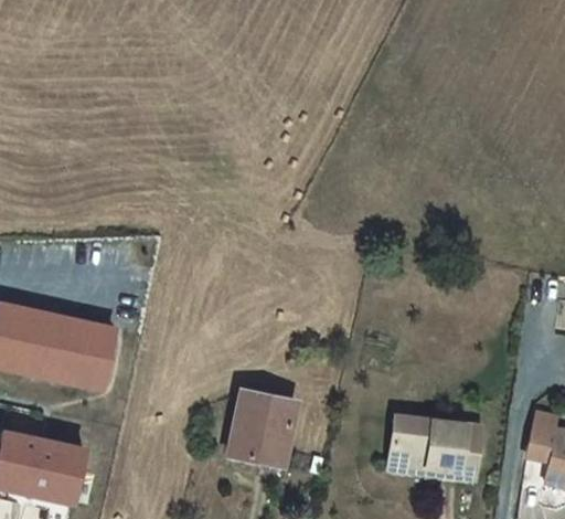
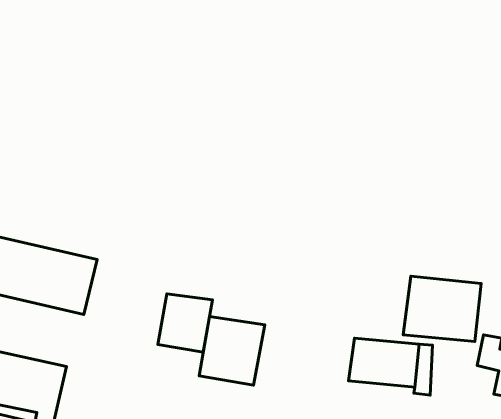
building: none -> [403,276,481,341]
building: none -> [158,294,212,352]

